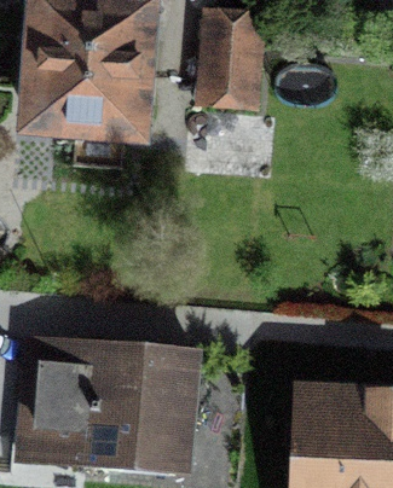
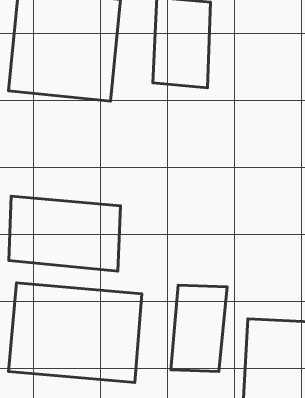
building: none -> [9,196,120,271]
building: none -> [171,285,227,372]

